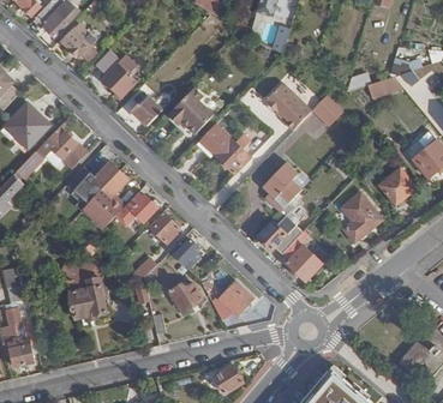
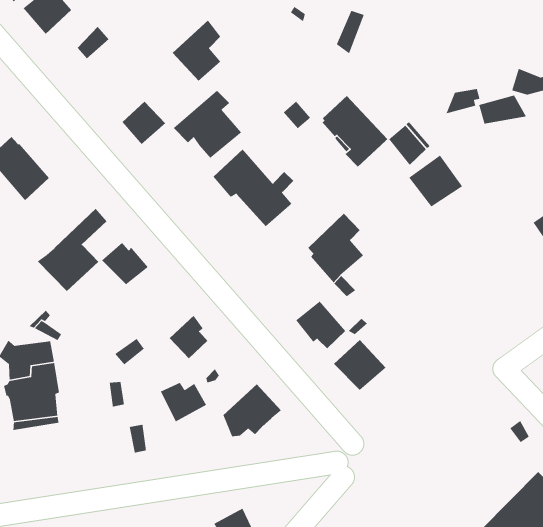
building: [102,54,136,96] -> [172,20,221,81]
building: [67,162,119,204] -> none
building: [378,168,415,204] -> [408,155,463,208]
building: [342,193,382,242] -> none
building: [148,211,179,243] -> none

